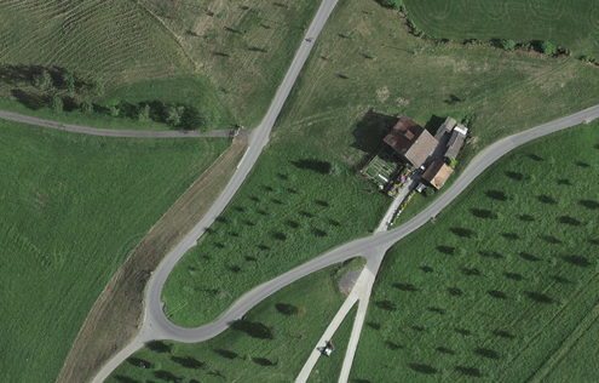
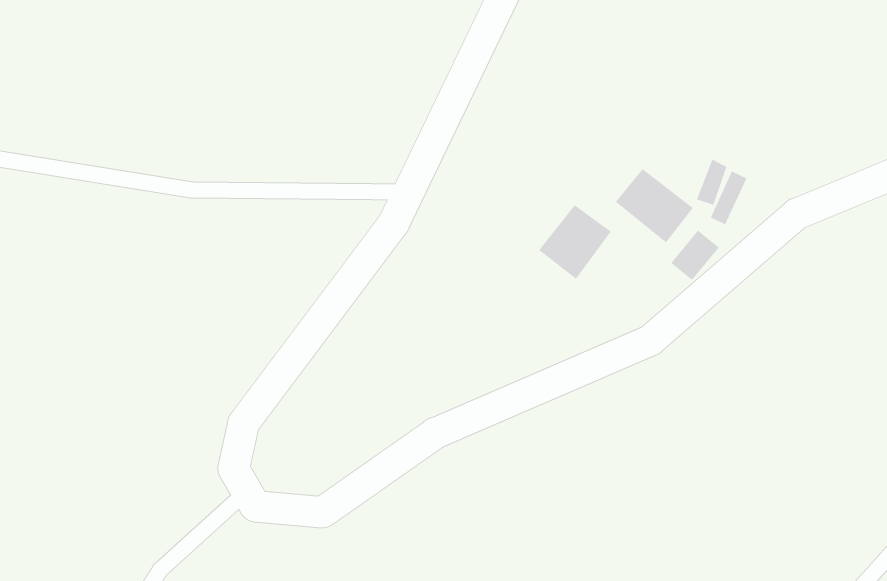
building: none -> [538,204,612,280]

